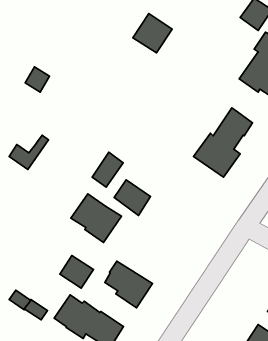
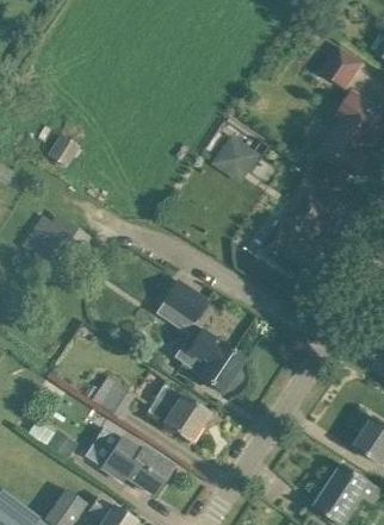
building: [133,13,172,53] -> [211,135,261,185]
building: [92,152,123,187] -> none
building: [71,194,121,242] -> [180,331,244,393]

